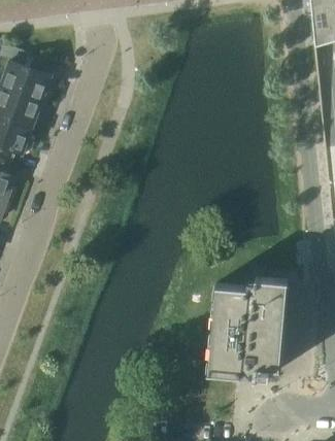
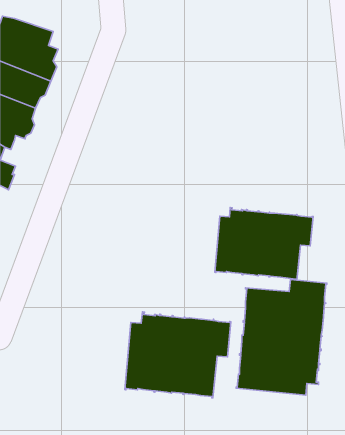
building: none -> [215,207,313,280]
building: none -> [125,312,231,398]

